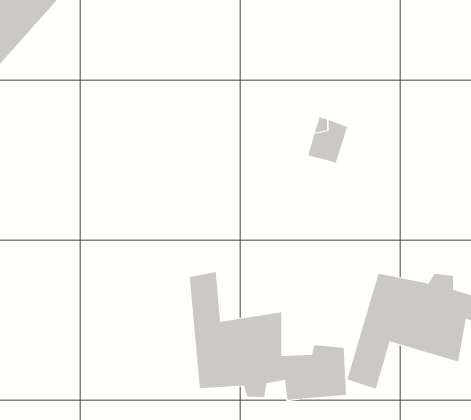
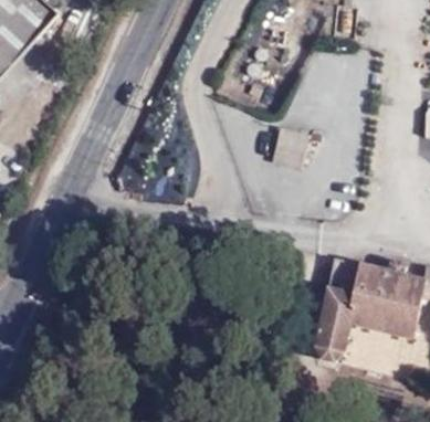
building: [189,271,347,401] -> none

